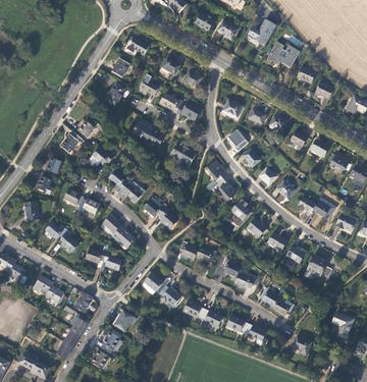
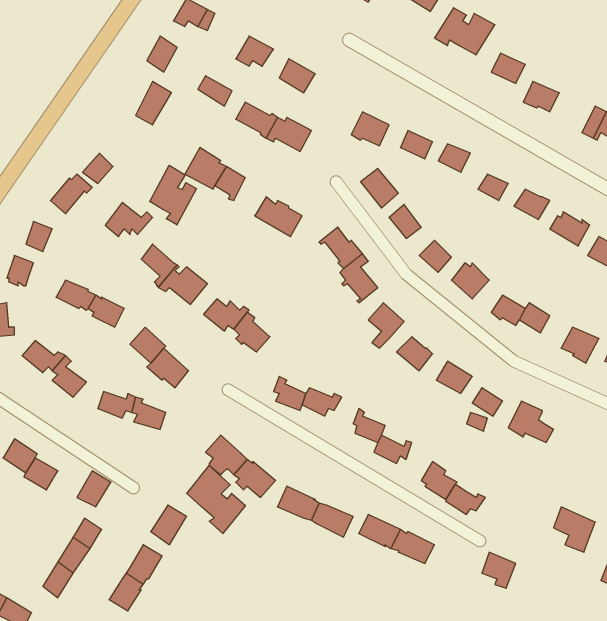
building: none -> [150,165,196,225]
building: none -> [187,466,245,533]

